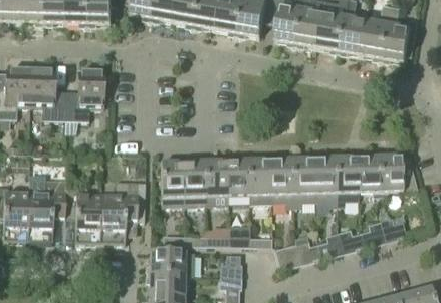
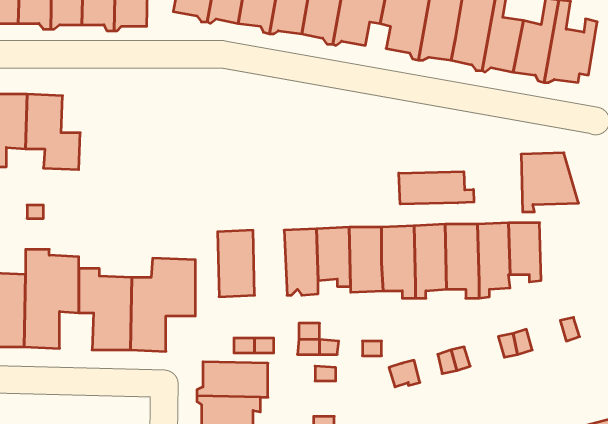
building: [65,70,102,120] -> none
building: none -> [399,172,474,204]
building: [379,156,418,196] -> [521,153,579,212]
building: [184,162,207,206] -> none

